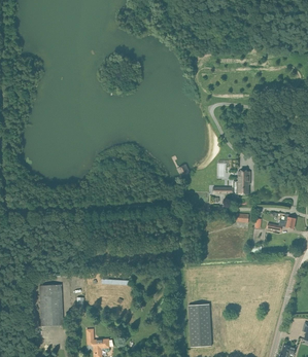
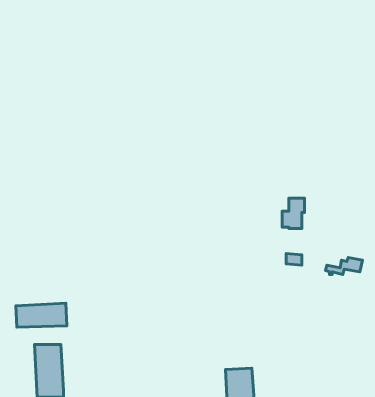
building: none -> [16,303,67,327]

